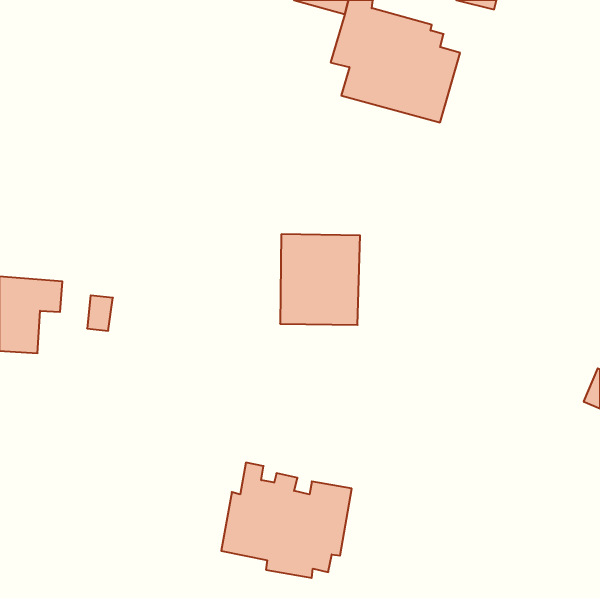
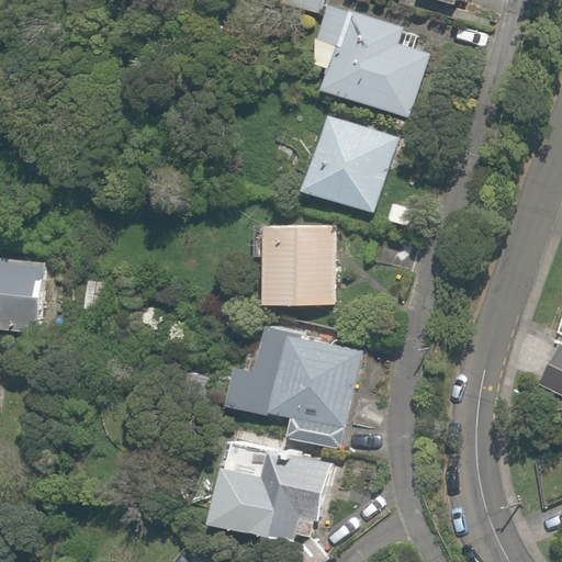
building: none -> [301,116,397,213]
building: none -> [214,328,359,447]

